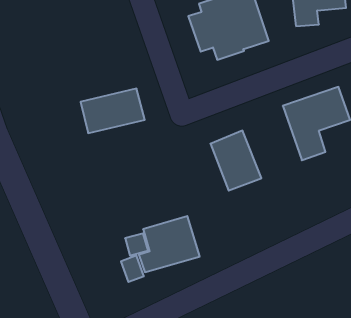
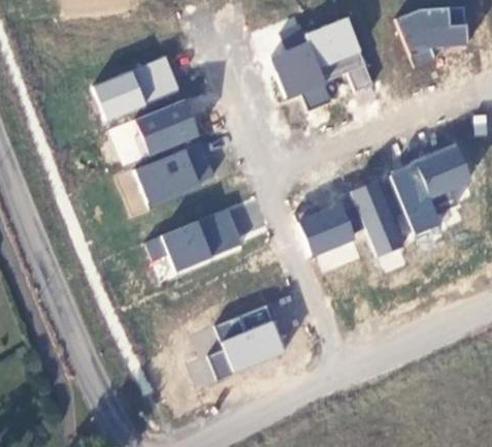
building: none -> [92,58,181,117]
building: none -> [108,99,201,163]
building: none -> [354,179,401,256]
building: none -> [143,204,244,280]

